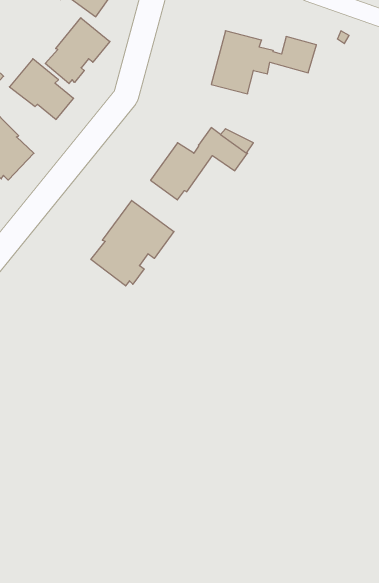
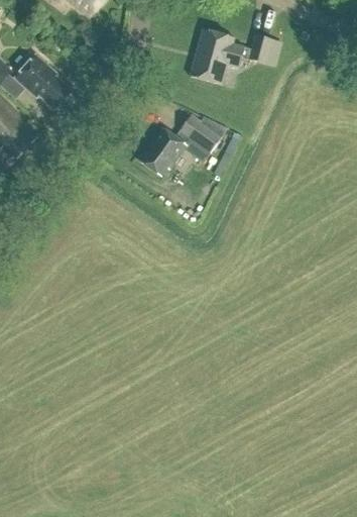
building: [45,18,110,84] -> none
building: [91,200,174,286] -> none

